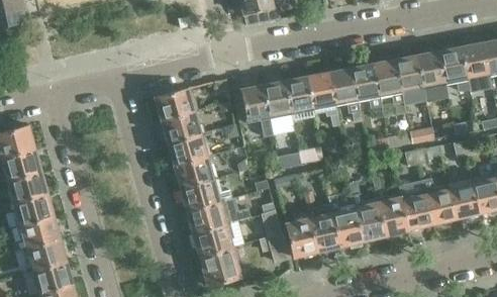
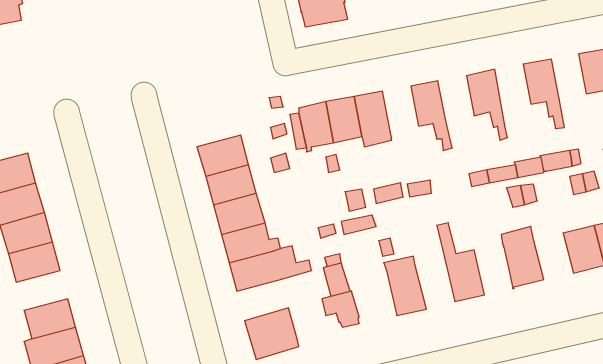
building: [438,47,468,93] -> none
building: [394,56,424,105] -> none
building: [350,65,383,119] -> none
building: [306,73,338,126] -> none
building: [155,88,195,120] -> none
building: [372,176,408,236] -> none
building: [422,181,456,224] -> none
building: [328,195,363,250] -> none
building: [19,217,60,249] -> none
building: [286,217,317,258] -> none
building: [192,224,232,257] -> none

